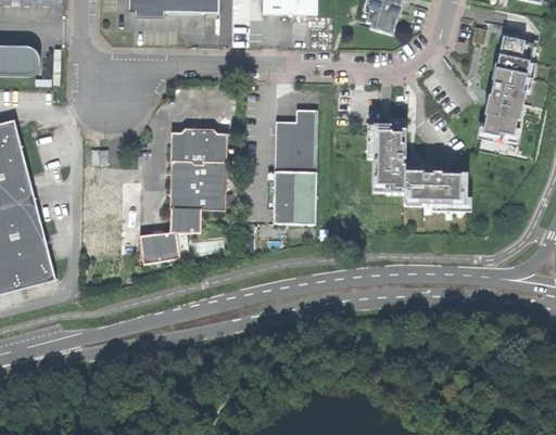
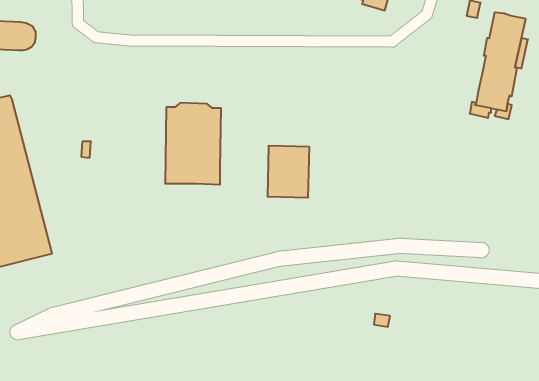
building: [371,107,467,205] -> none
building: [274,108,317,171] -> none
building: [140,208,201,263] -> none

